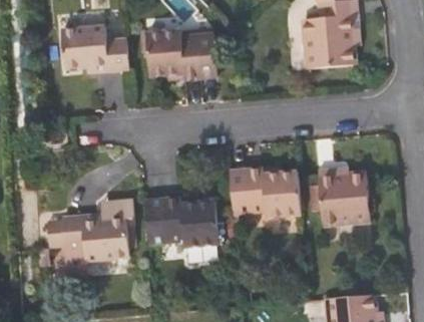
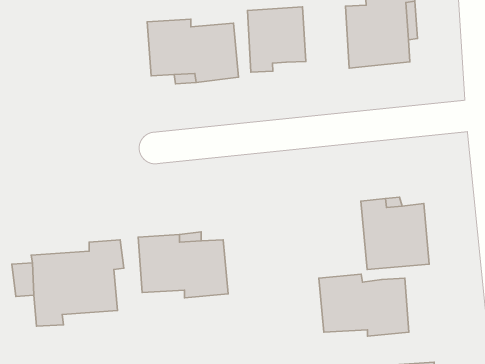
building: none -> [248,7,306,72]
building: [63,24,130,69] -> none
building: [230,169,300,217] -> [319,274,409,336]

